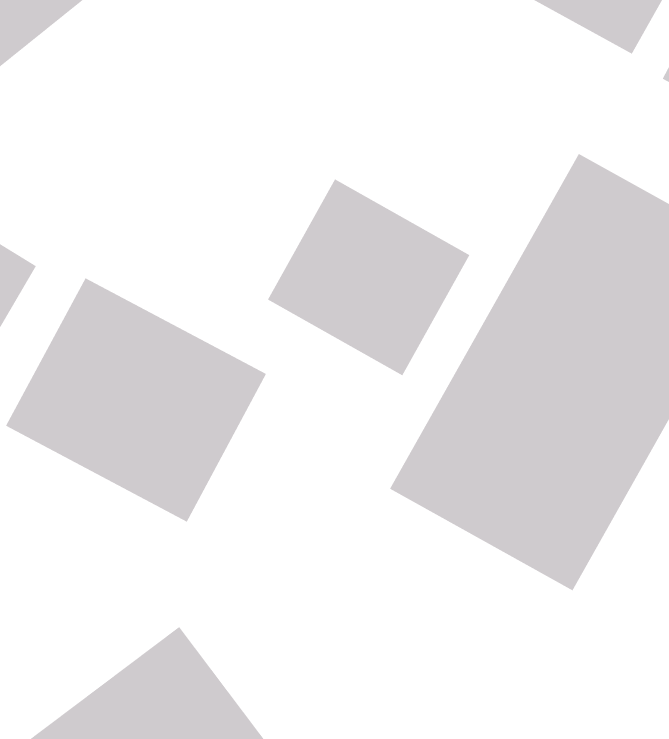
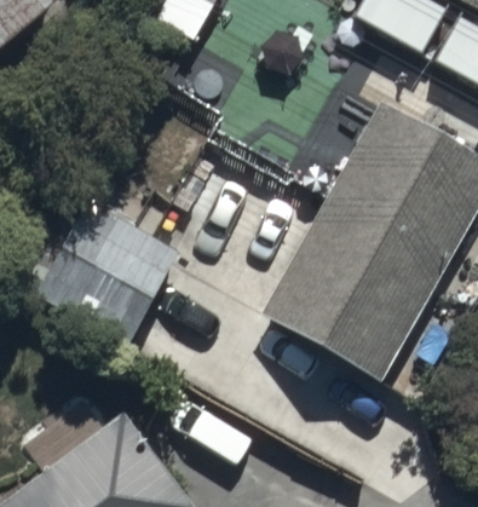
building: [267,179,470,376] -> none

